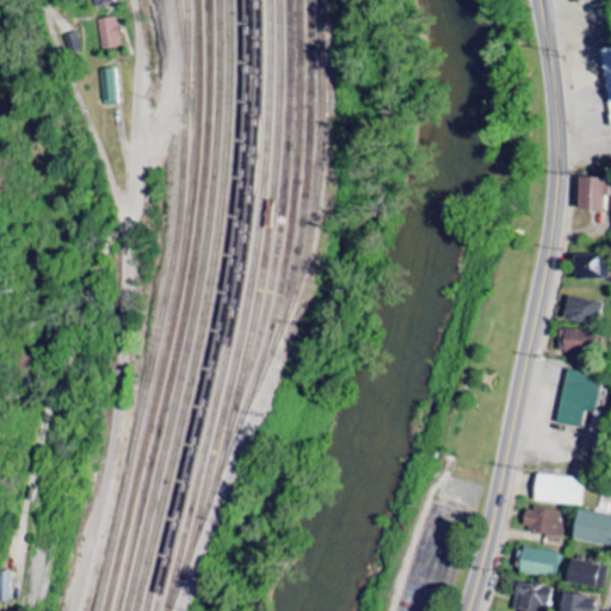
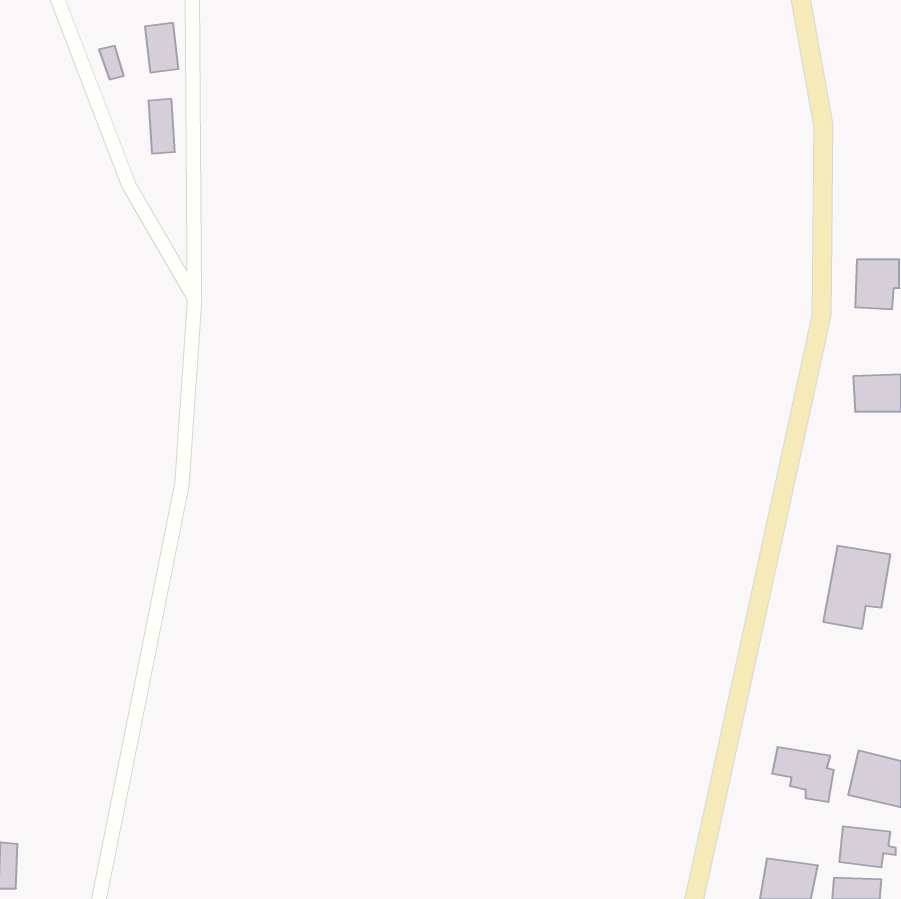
building: [562,295,601,325] -> none
building: [558,328,593,352] -> none
building: [533,471,586,506] -> none
building: [521,547,562,575] -> none

